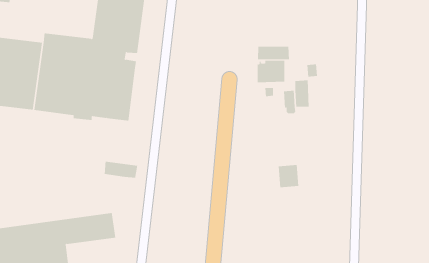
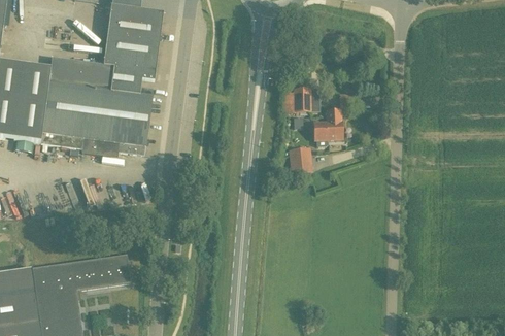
building: [257,46,289,60] -> none
building: [104,161,138,179] -> none
building: [278,164,299,188] -> [289,146,312,172]

